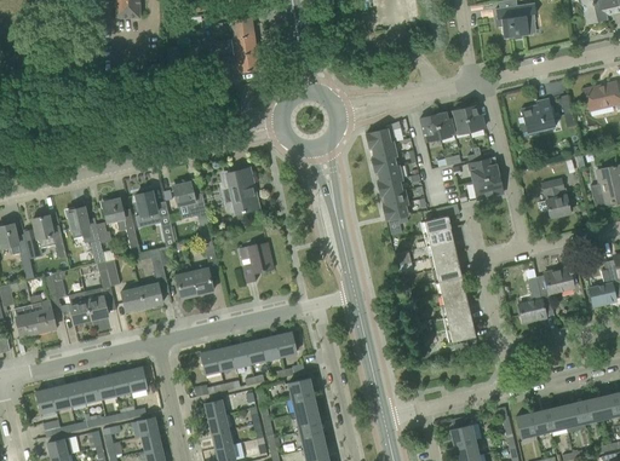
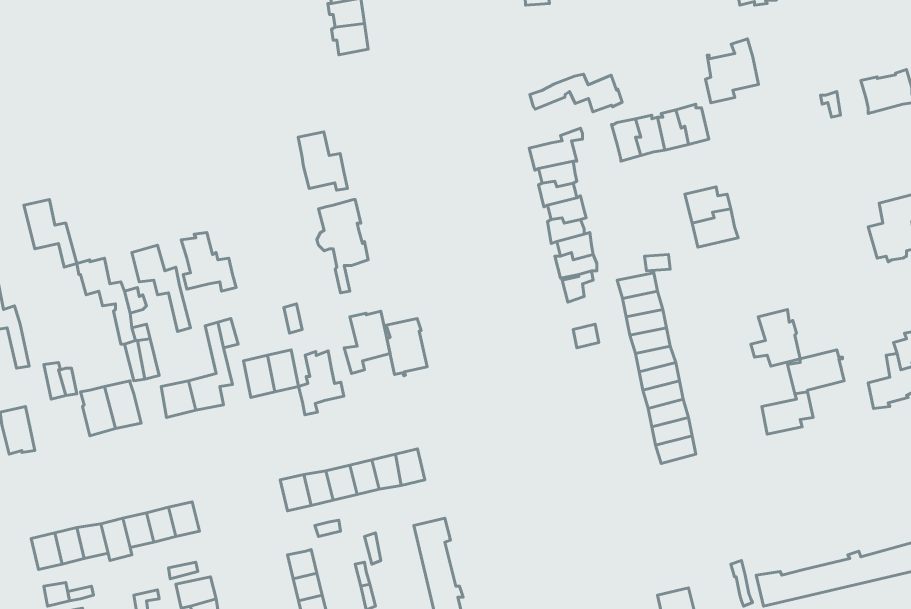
building: none -> [530,74,622,112]
building: [521,97,556,139] -> [705,39,758,103]
building: [538,179,570,217] -> [751,309,800,366]
building: [174,181,207,220] -> [298,132,348,190]
building: [33,214,68,259] -> [24,200,77,267]
building: none -> [386,319,427,376]
building: none -> [298,351,344,415]
building: [33,300,57,333] -> none

